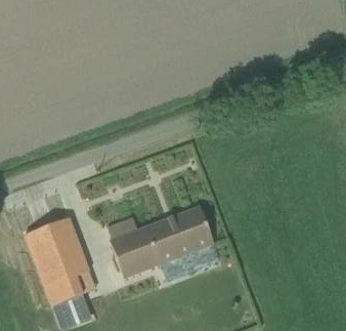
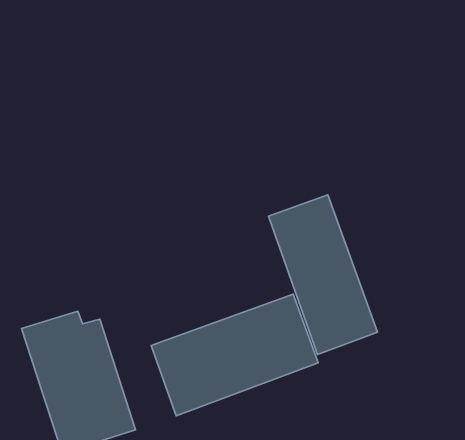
building: none -> [269,195,378,354]

